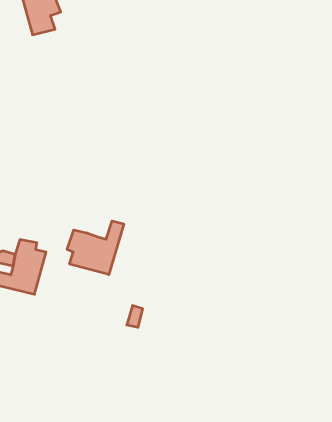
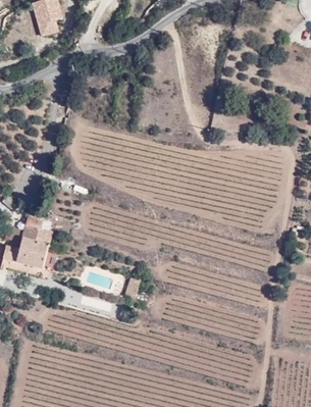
building: [67,221,124,275] -> none

